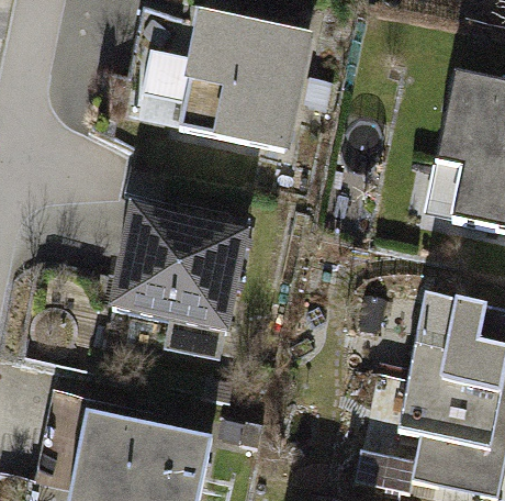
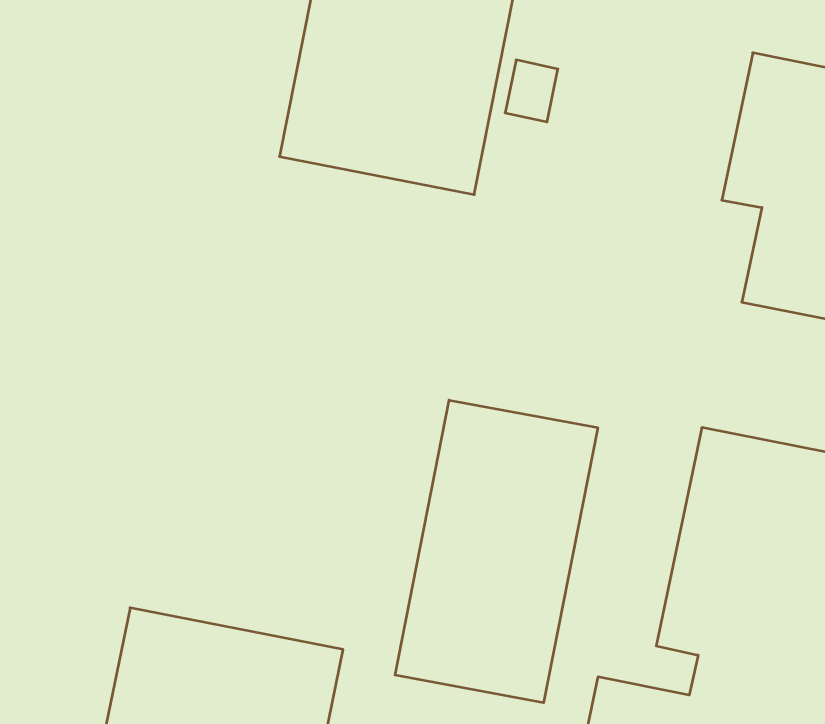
building: [105,198,254,364] -> none
building: none -> [395,400,598,703]

